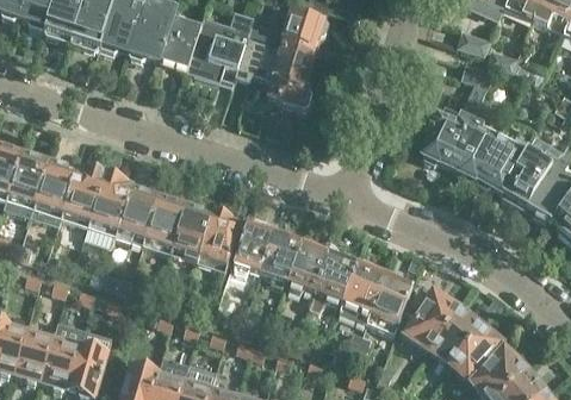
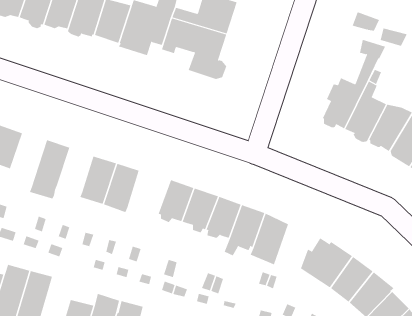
building: [62,168,105,221] -> none
building: [116,187,159,244] -> none
building: [199,213,241,270] -> none
building: [368,275,414,335] -> none

